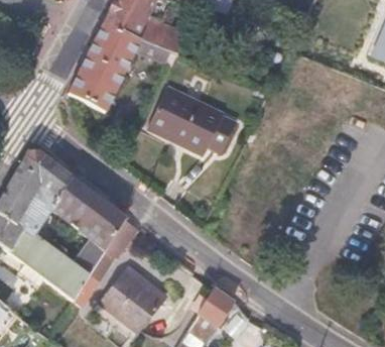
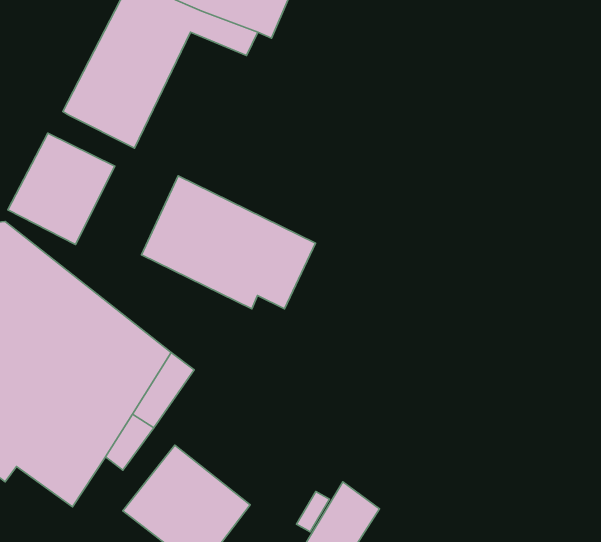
building: [147,85,238,154] -> [142,176,315,309]
building: none -> [8,133,115,245]

